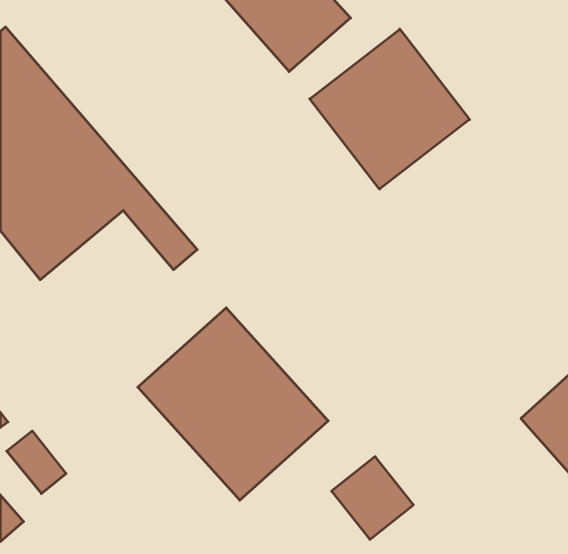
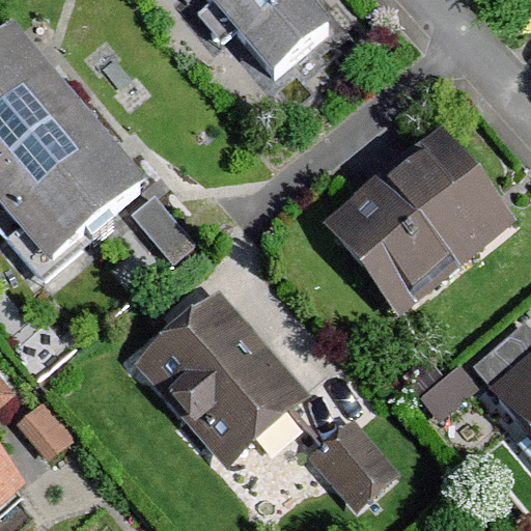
building: [310,29,470,189] -> none
building: none -> [325,130,511,309]

